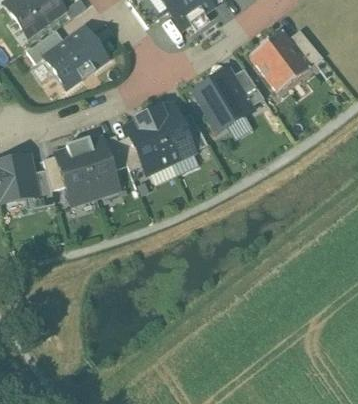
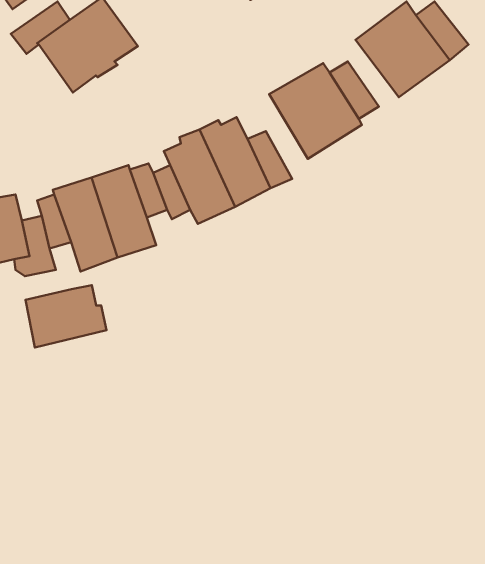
building: none -> [25,285,106,347]

